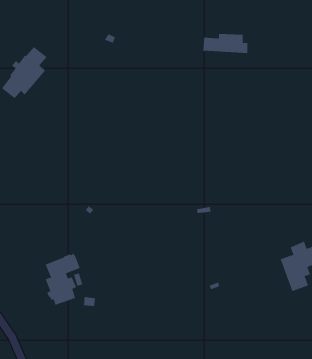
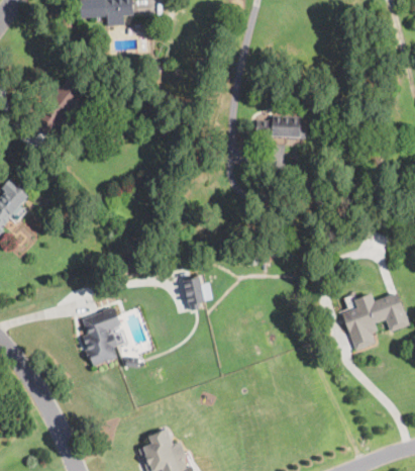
building: [203,34,248,54] -> [255,115,306,137]
building: none -> [184,276,213,309]

